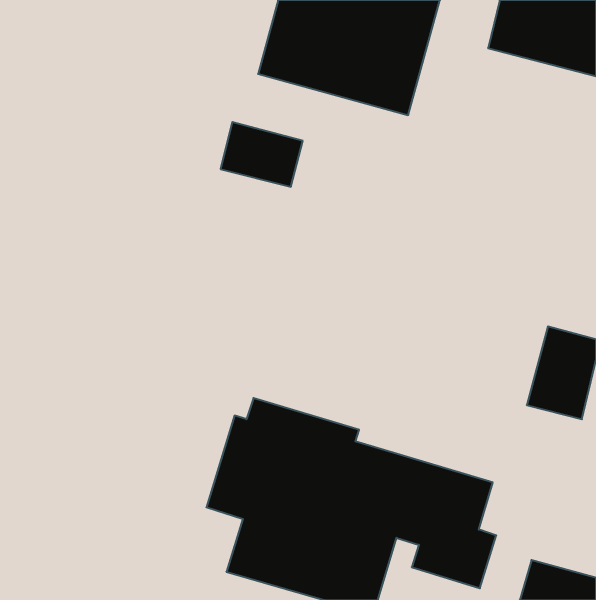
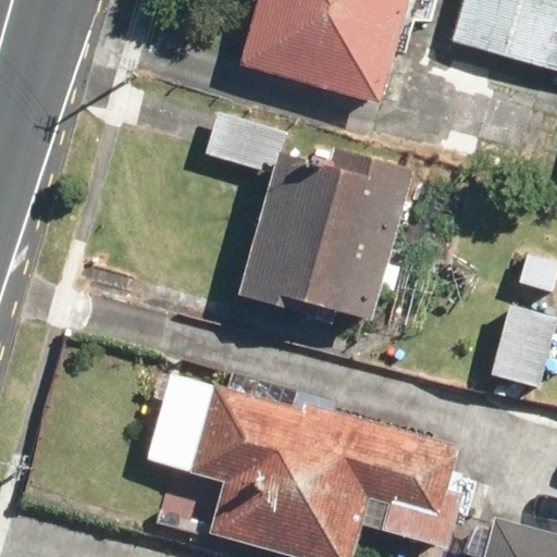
building: none -> [239,147,417,321]

